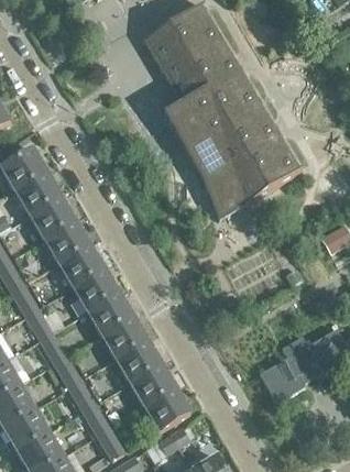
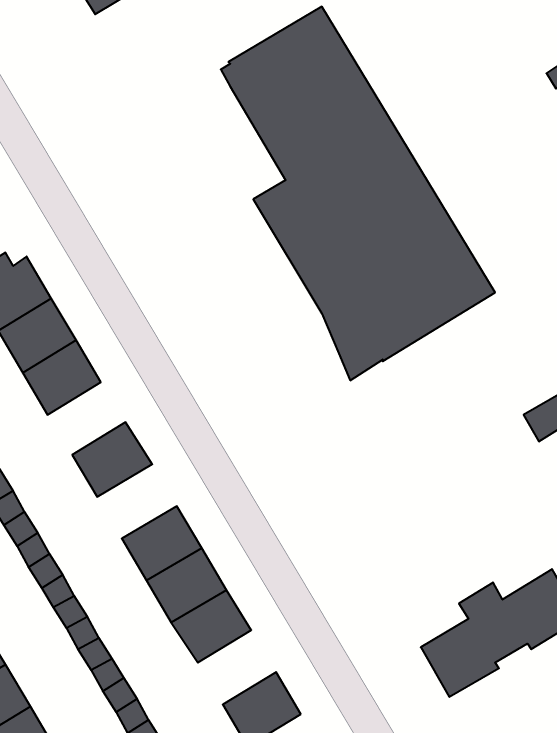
building: [45,221,90,263] -> none
building: [74,268,120,311] -> none
building: [132,364,177,407] -> none

